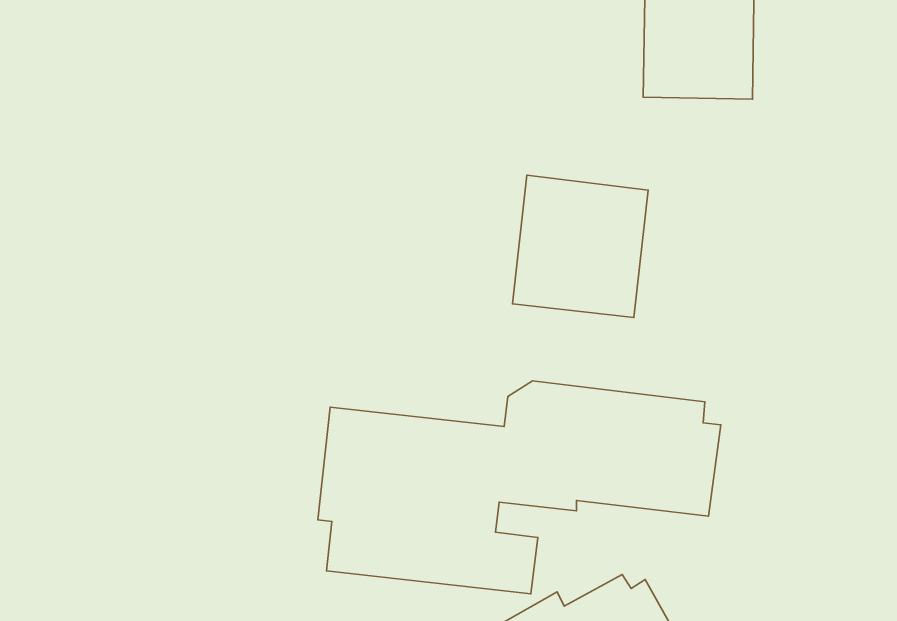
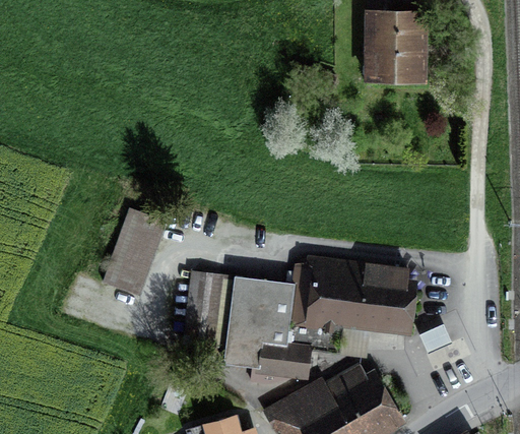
building: [512,175,648,317] -> none
building: none -> [102,206,167,294]

